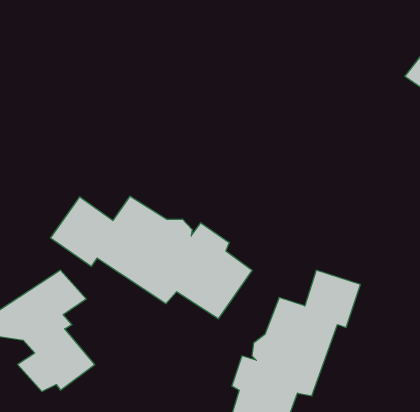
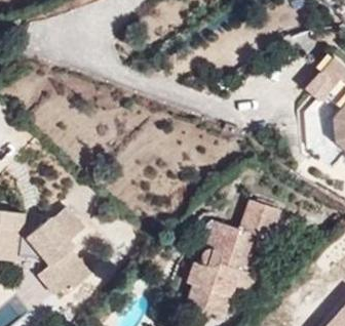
building: [51,196,252,319] -> none

